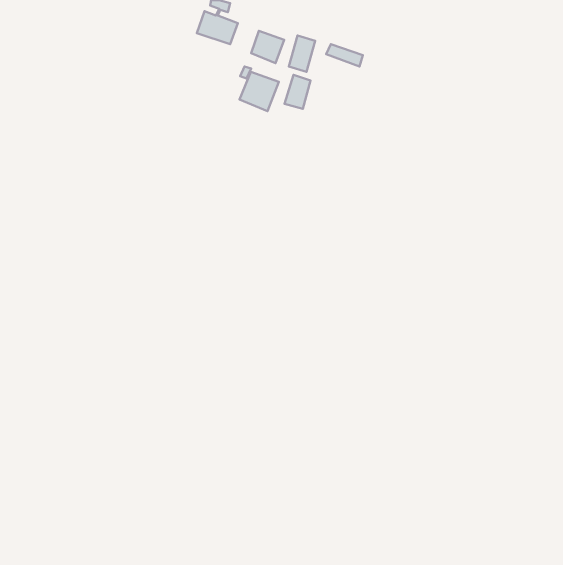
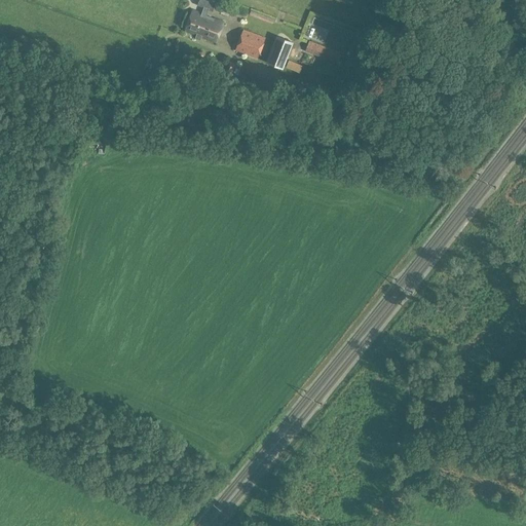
building: [240,72,279,111] -> none
building: [285,75,311,109] -> none

